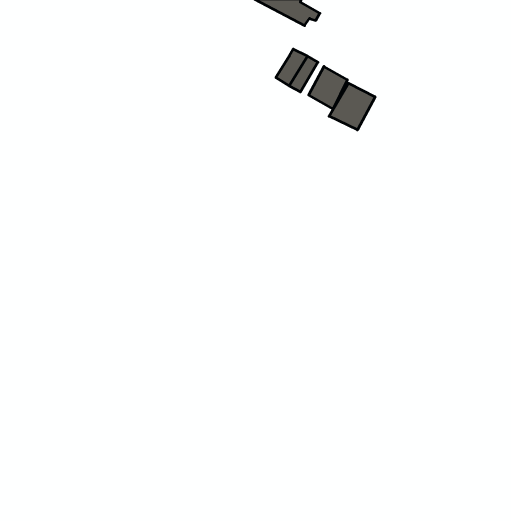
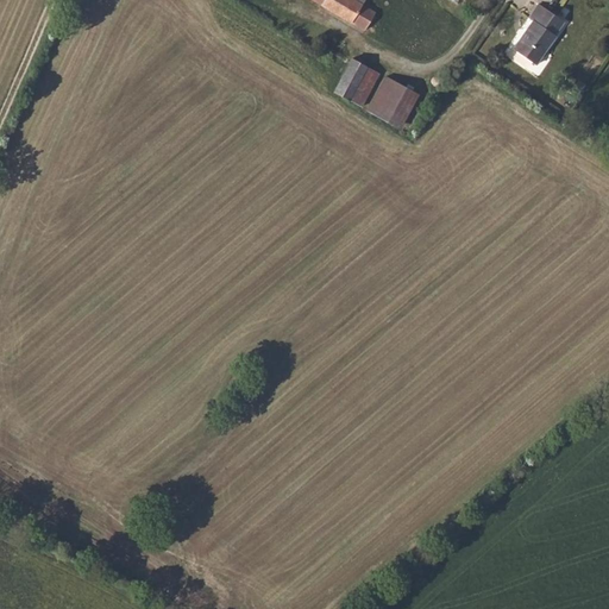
building: none -> [513,5,563,63]
building: [329,83,375,130] -> none

